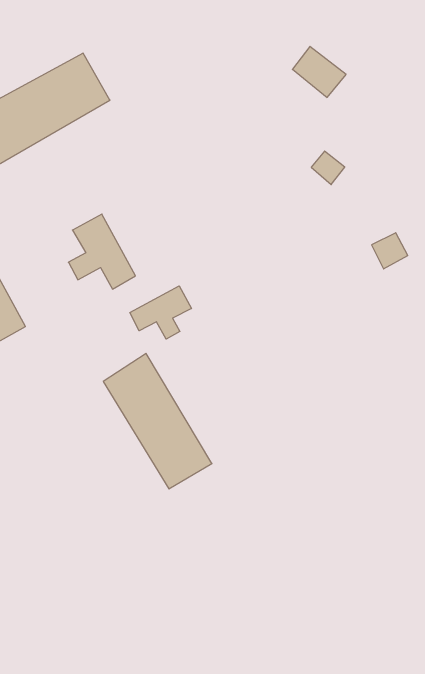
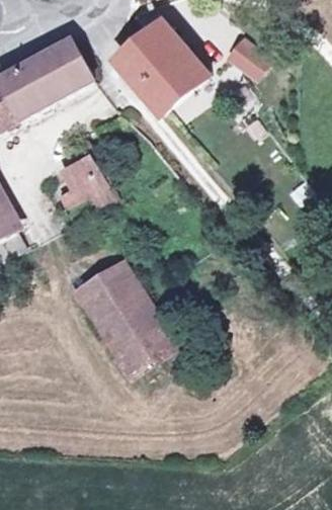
building: none -> [120,16,205,106]
building: [130,286,191,339] -> none

